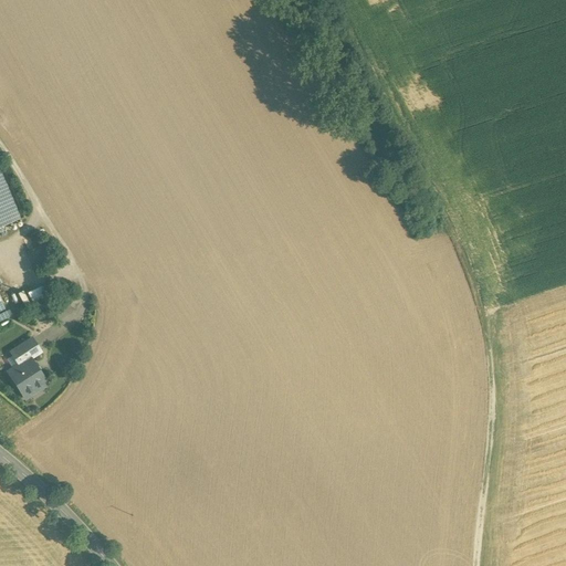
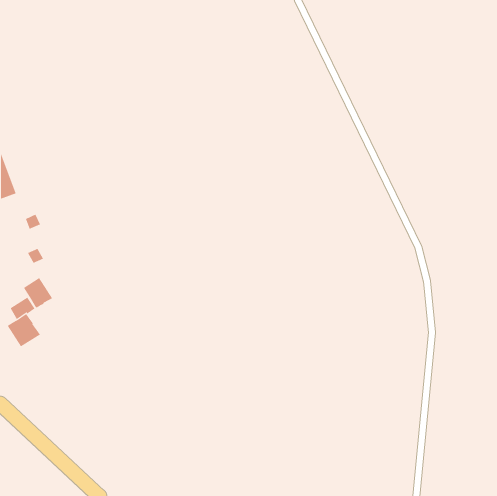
building: none -> [23,277,53,308]

